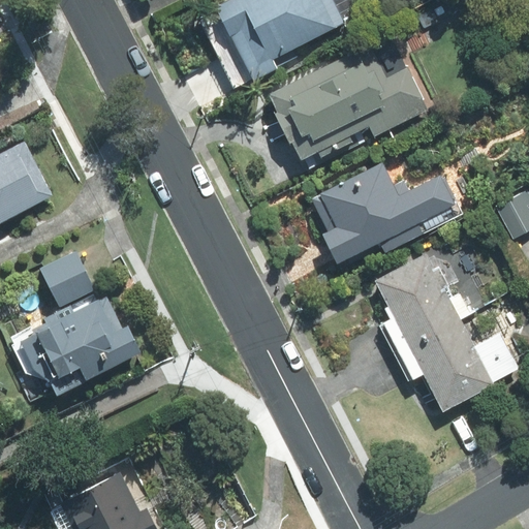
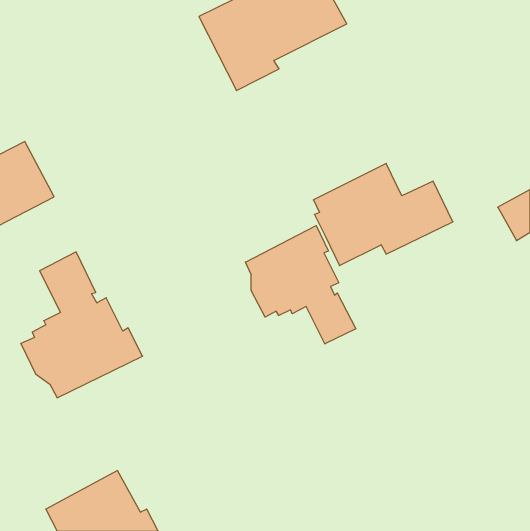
building: [268,44,428,160] -> none
building: none -> [245,226,356,344]
building: [374,252,519,412] -> none

